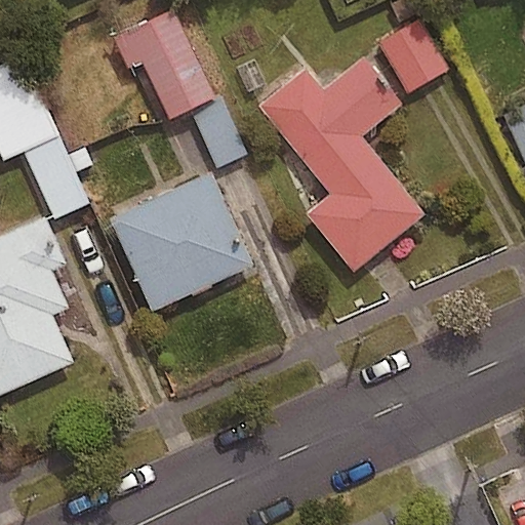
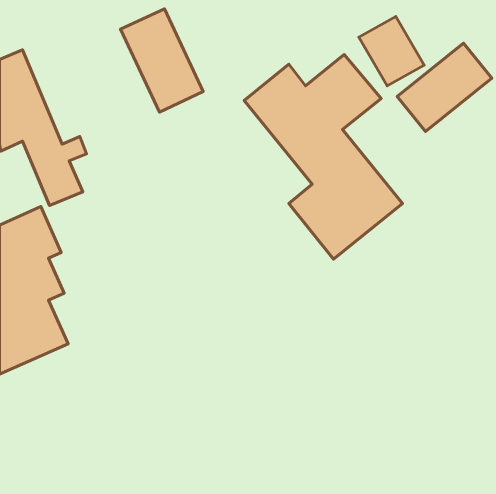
building: none -> [397,43,492,132]
building: [108,173,251,312] -> none

